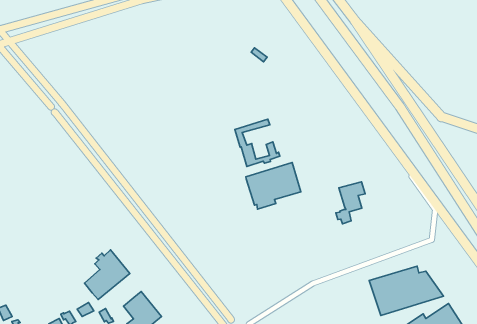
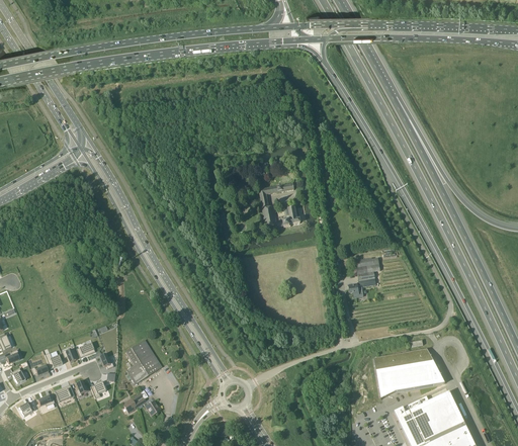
building: [246,162,301,209] -> none
building: [84,250,130,300] -> none

